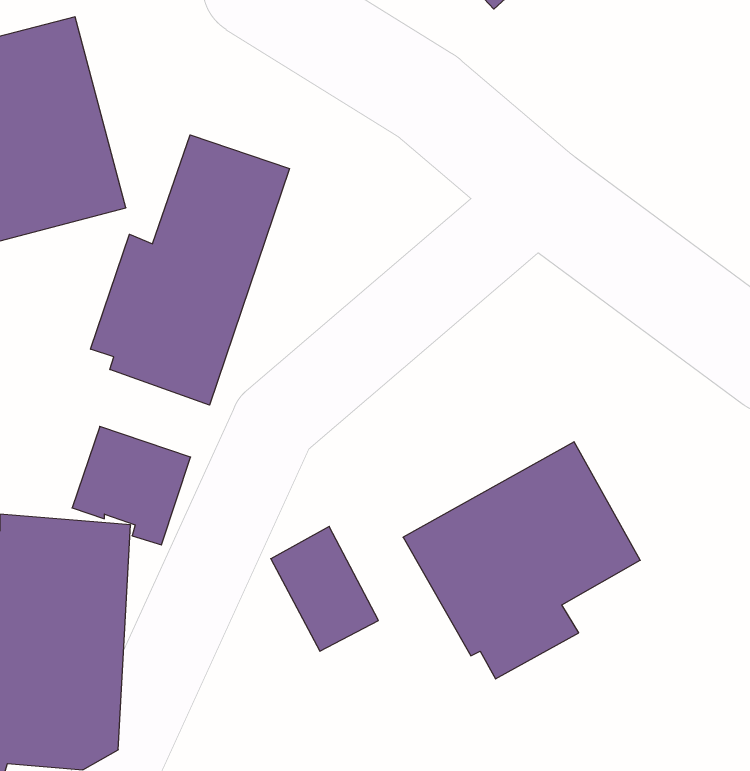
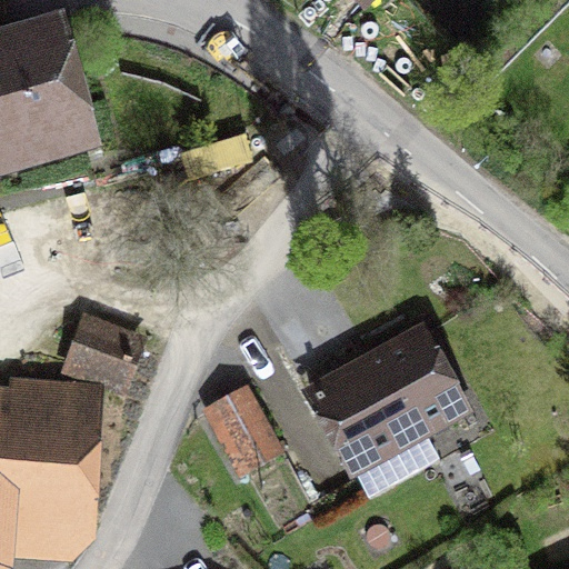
building: [91,135,290,405] -> none

